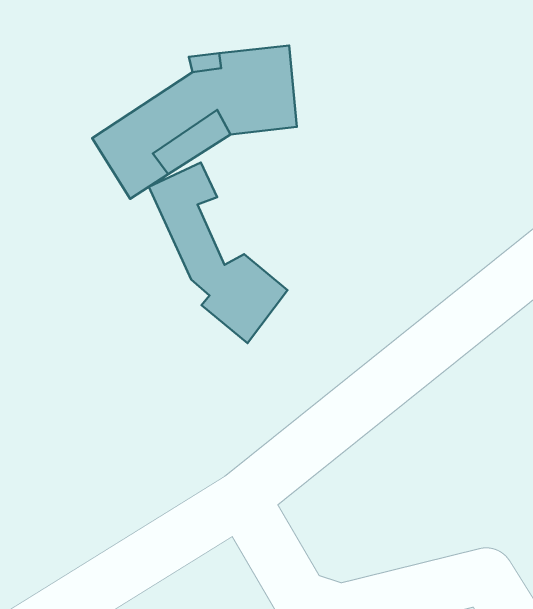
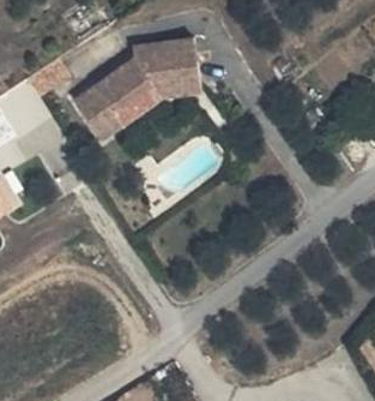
building: [149,163,287,343] -> none

